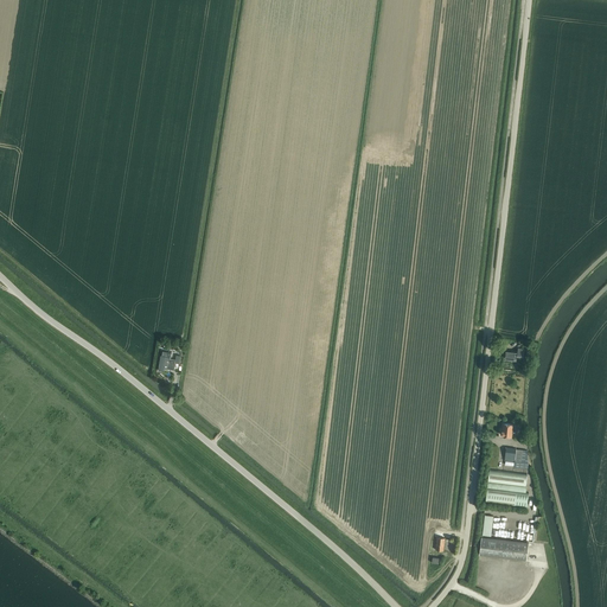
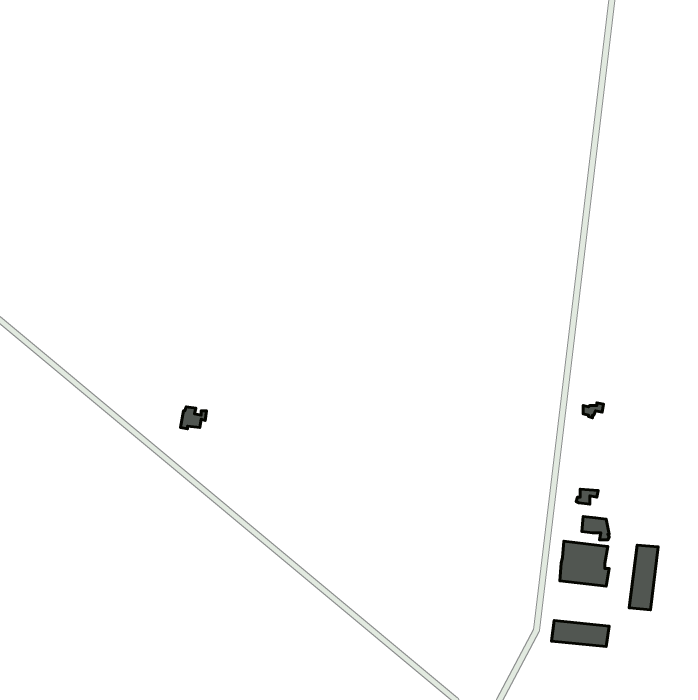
building: none -> [629,545,658,610]

